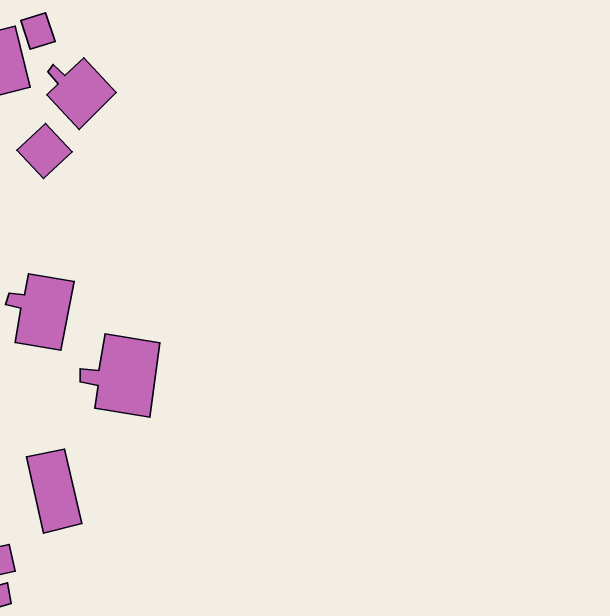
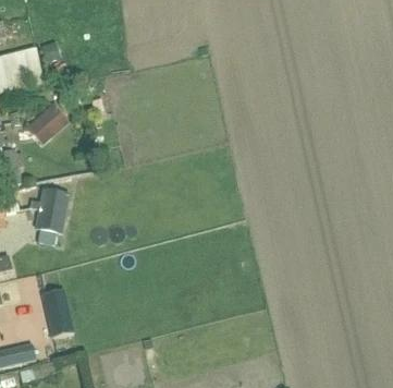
building: [47,58,116,130] -> none
building: [80,334,160,417] -> none

